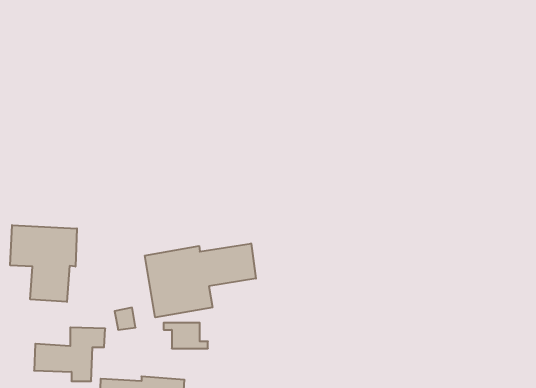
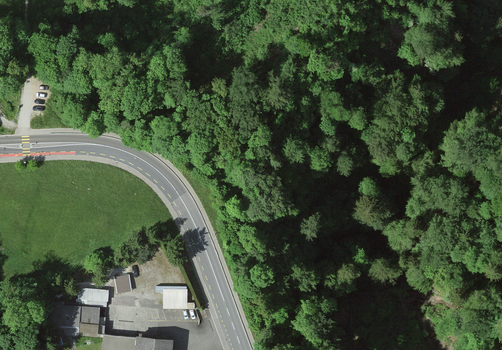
building: [10,225,77,302] -> none
building: [145,243,256,317] -> none

